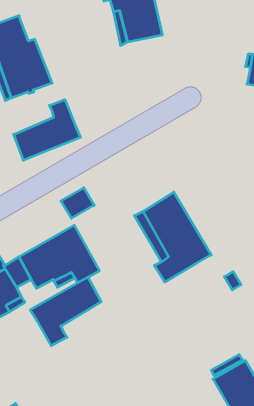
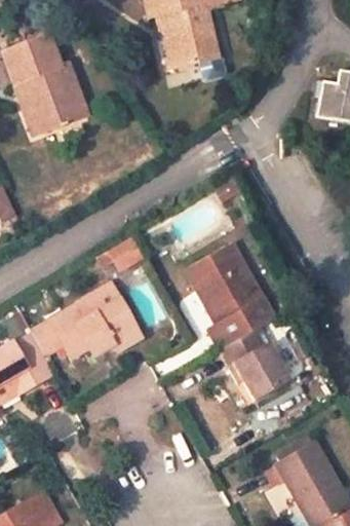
building: [14,100,80,160] -> none
building: none -> [221,327,288,398]
building: [30,277,101,346] -> none

